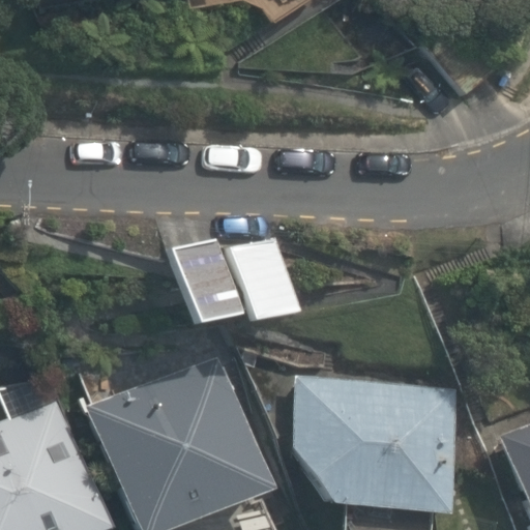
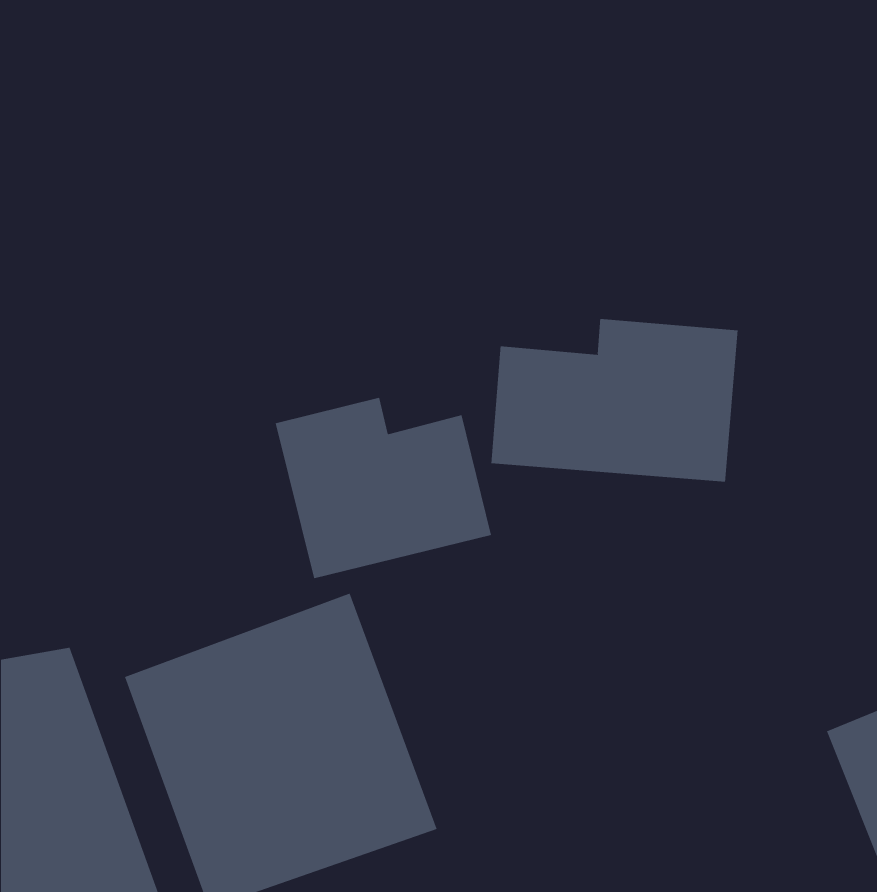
building: none -> [491,318,738,482]
building: [298,376,466,517] -> none

